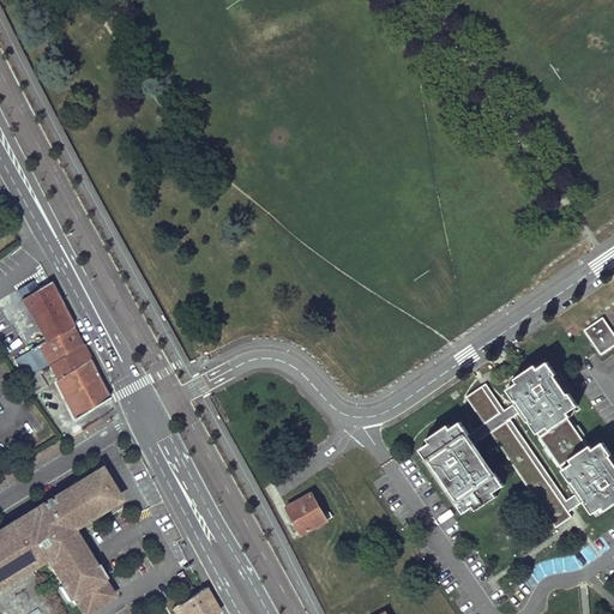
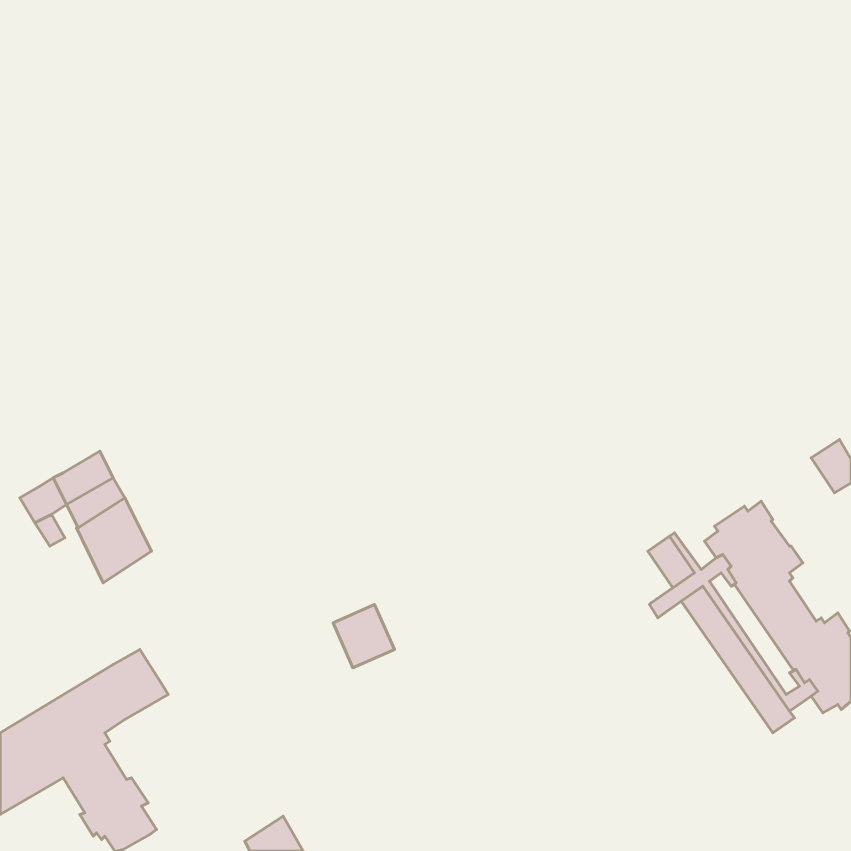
building: [22,281,72,341] -> none
building: [420,422,505,513] -> none
building: [284,488,329,534] -> [333,605,395,668]

